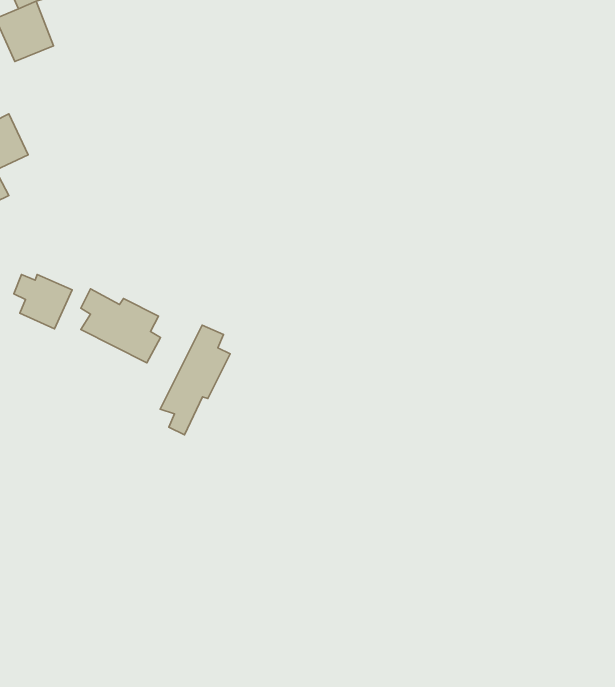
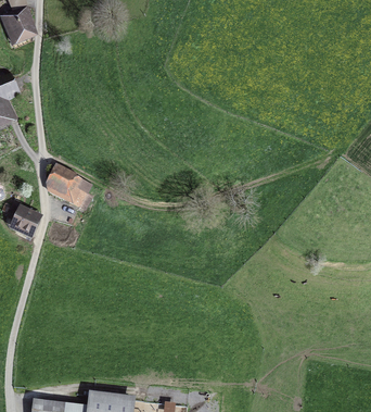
building: [14,274,72,329] -> [9,207,41,237]
building: [160,325,230,435] -> none

